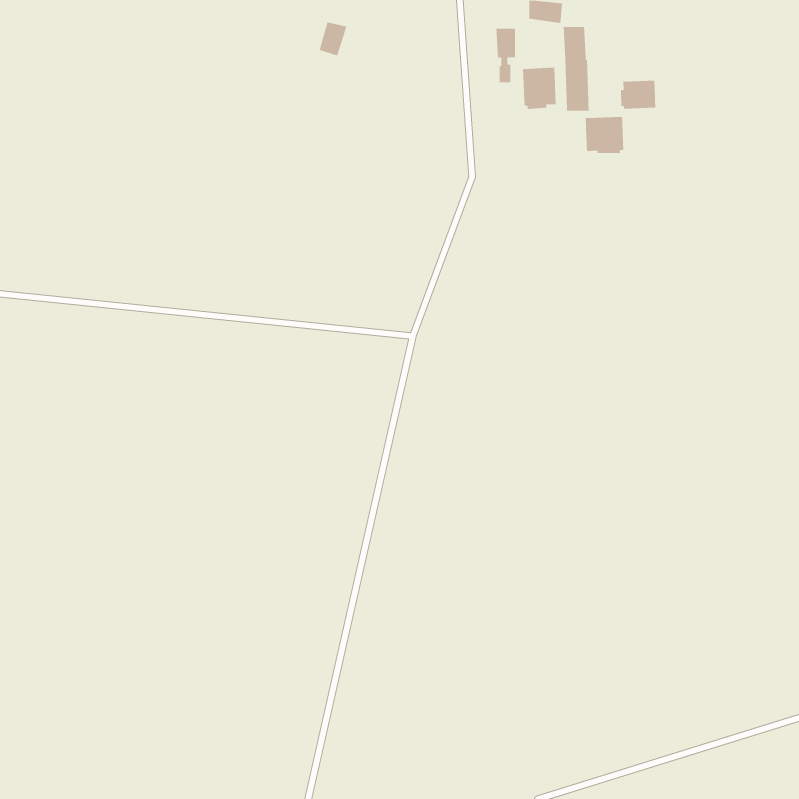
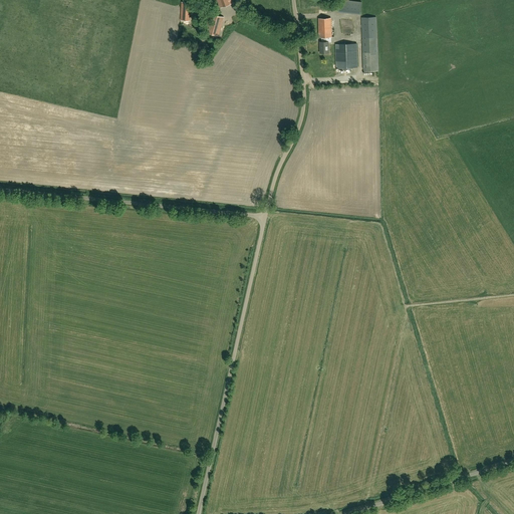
building: [621,80,656,109] -> none
building: [585,116,624,154] -> none

